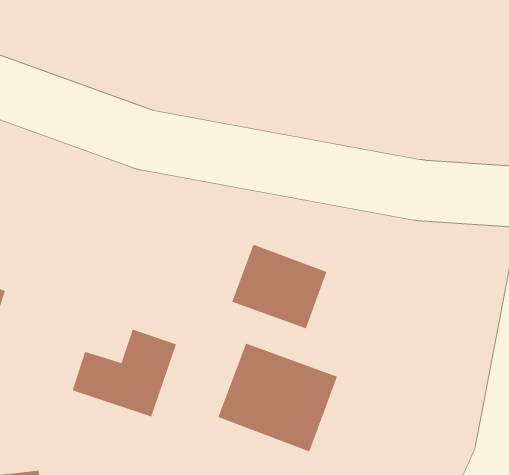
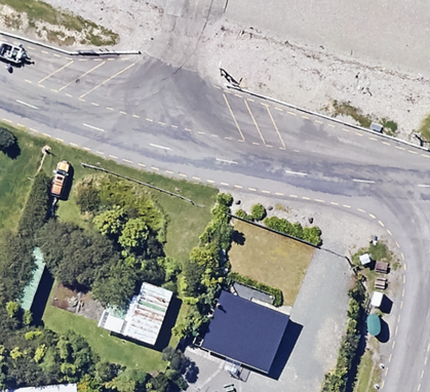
building: [231,244,327,329] -> none

